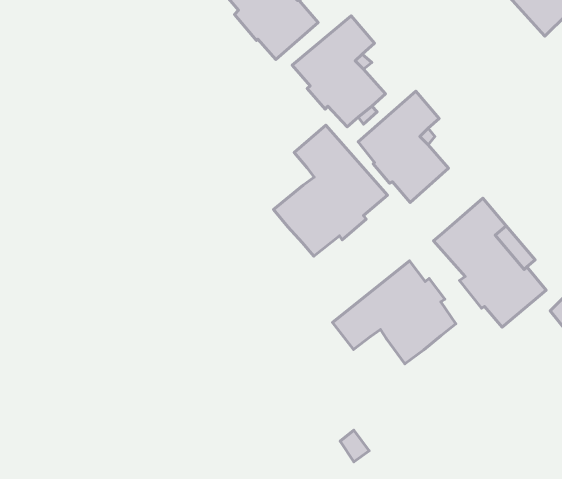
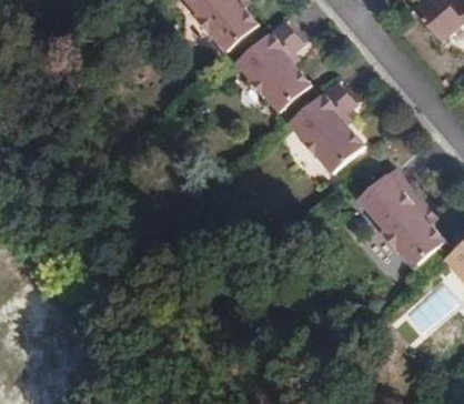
building: [274,125,387,256] -> none
building: [333,261,456,364] -> none

